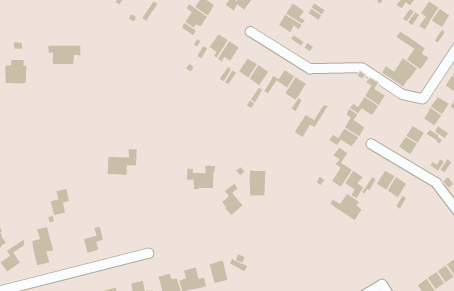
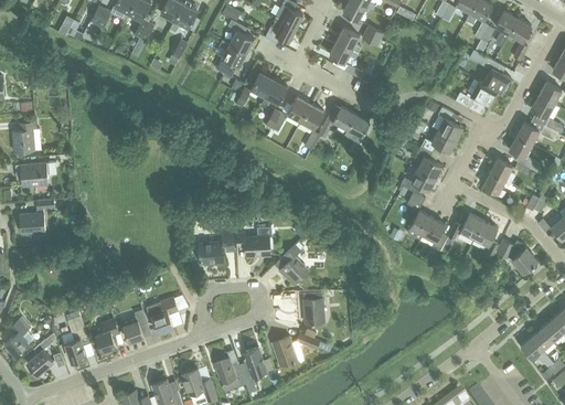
building: [47,45,81,65] -> [14,159,55,184]
building: [294,105,329,138] -> none
building: none -> [19,198,54,232]
building: [107,149,137,175] -> [199,228,234,262]
building: [249,170,266,196] -> [302,290,323,321]
building: [50,189,70,216] -> [95,317,118,350]
building: [329,193,362,221] -> none
building: none -> [497,238,536,270]
building: none -> [146,296,178,330]

